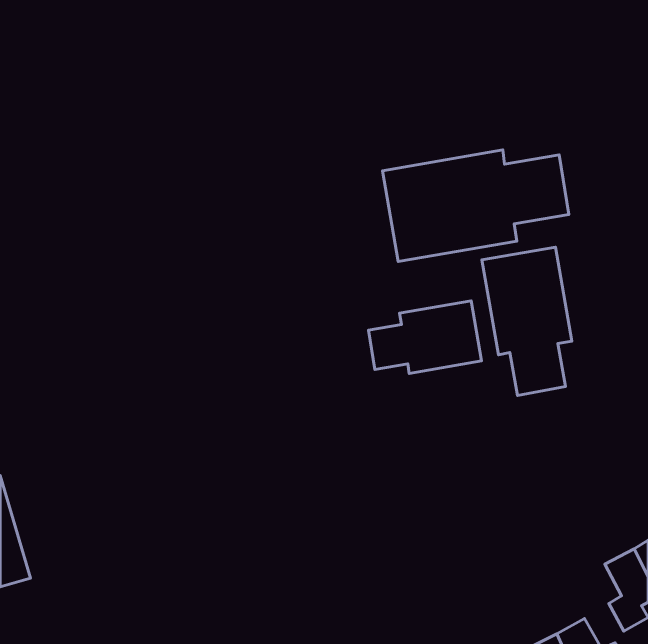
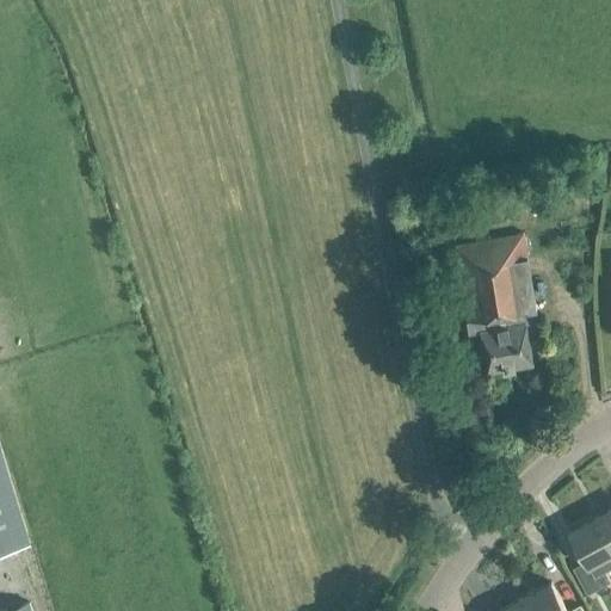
building: [382,150,569,261] -> none
building: [369,301,482,373] -> none

